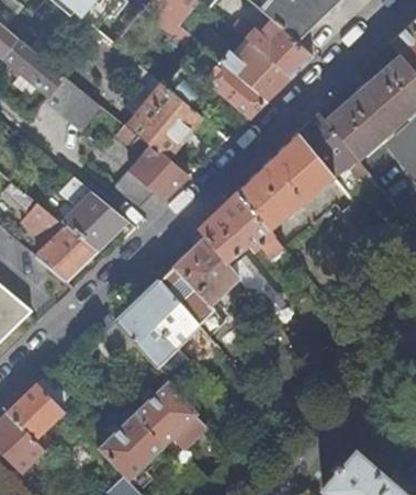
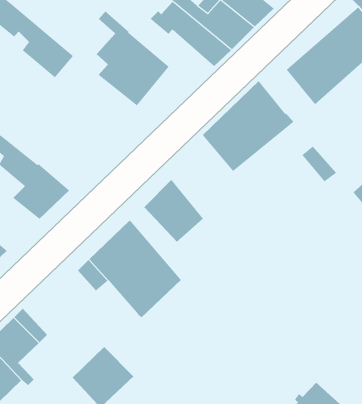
building: [296,112,367,180] -> none
building: [115,125,189,209] -> none
building: [59,178,125,249] -> none
building: [199,191,284,316] -> none
building: [133,380,207,448] -> none

